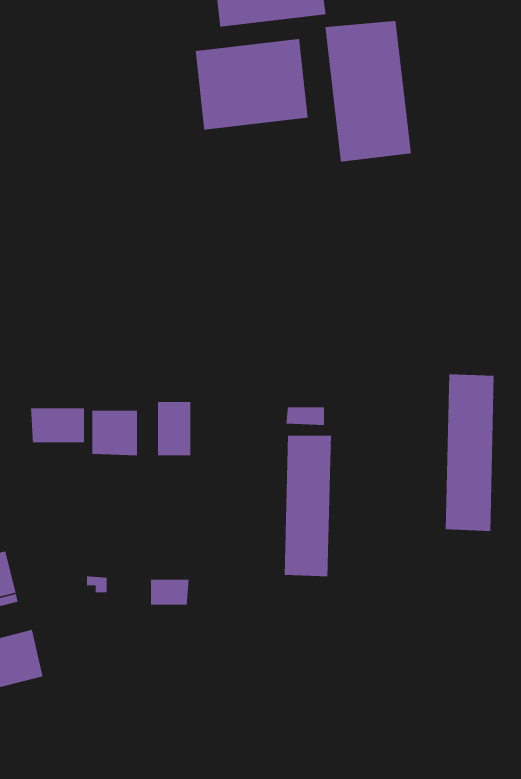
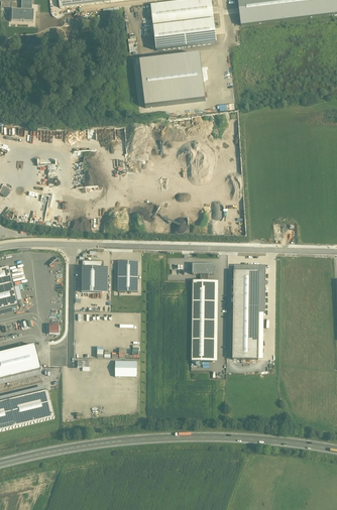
building: [324,20,412,163] -> none
building: [445,373,495,532] -> [233,264,261,354]
building: [30,407,85,443] -> none

